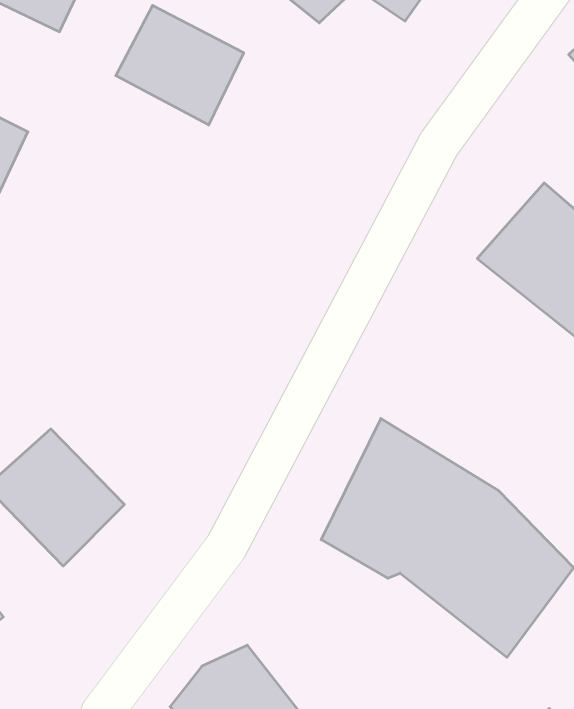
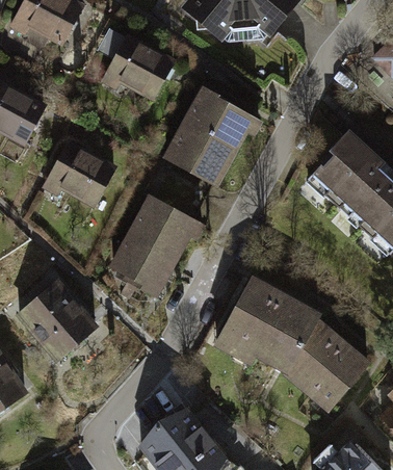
building: none -> [160,86,254,185]
building: none -> [49,139,122,205]
building: none -> [107,195,199,298]

